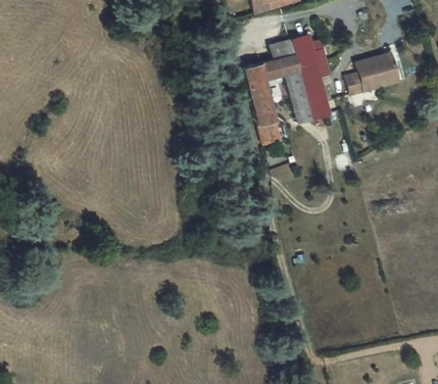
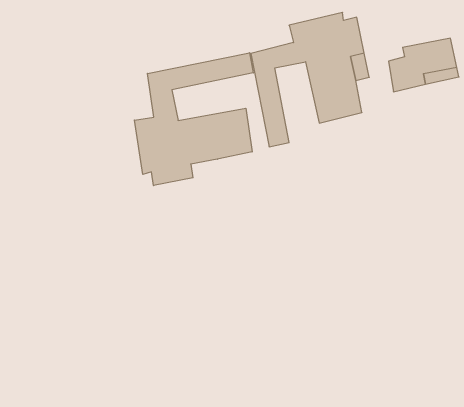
building: none -> [134,53,253,186]

